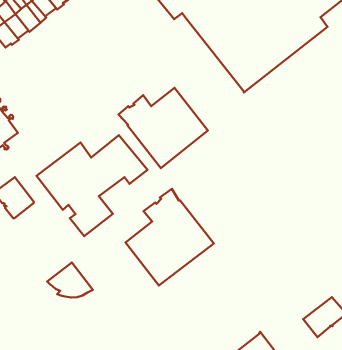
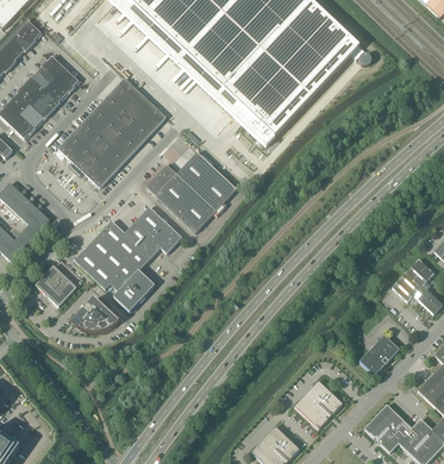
building: none -> [57,82,161,187]
building: [125,189,214,285] -> none
building: [47,262,93,297] -> [73,296,119,331]

